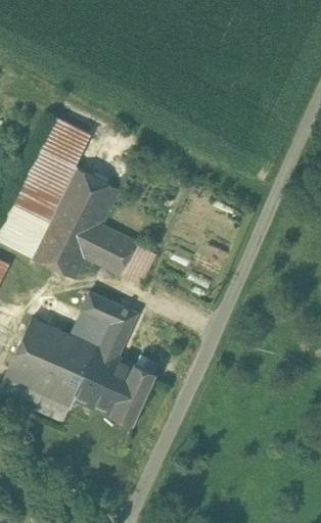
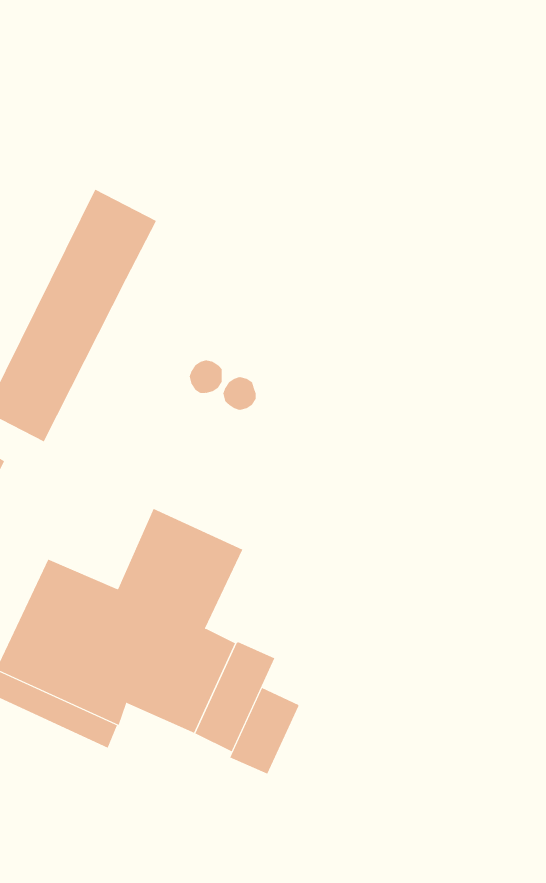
building: [30,167,137,279] -> none
building: none -> [229,687,299,774]

